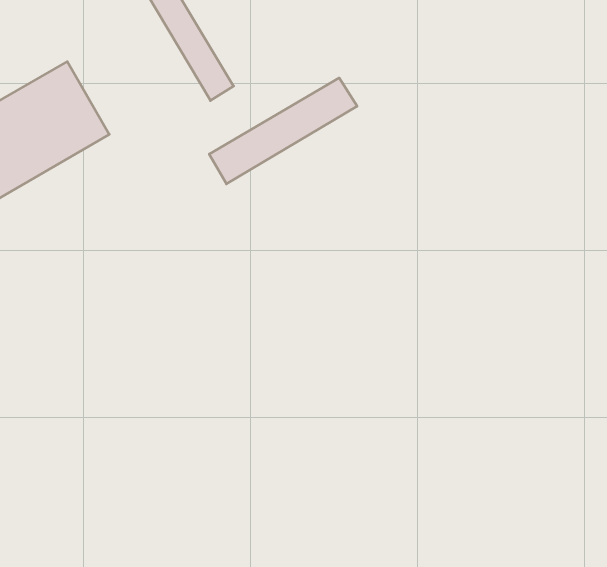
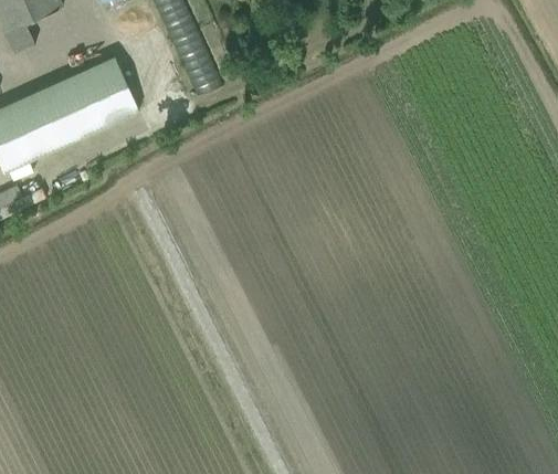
building: [209,78,357,184] -> none

